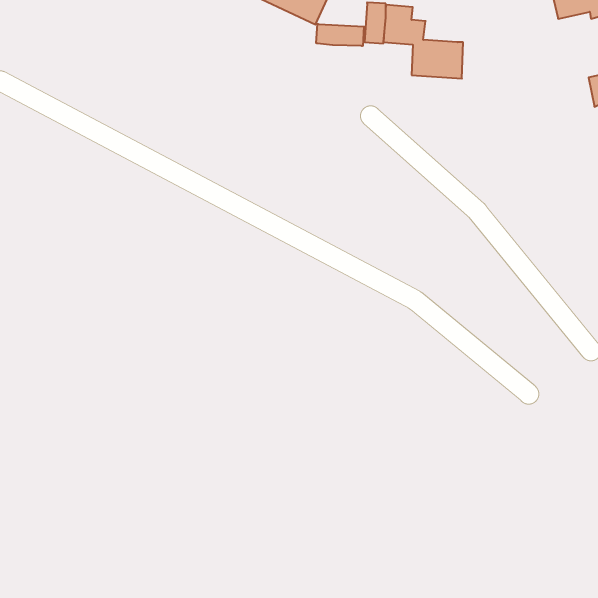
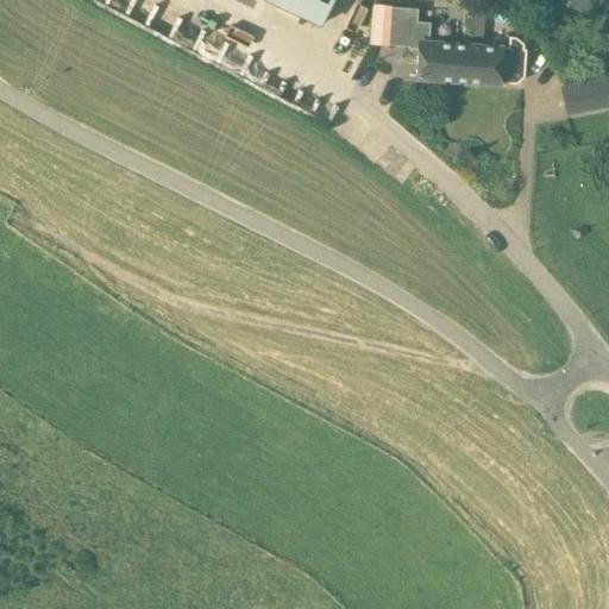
building: [316,24,364,46] -> none
building: none -> [470,36,527,82]

